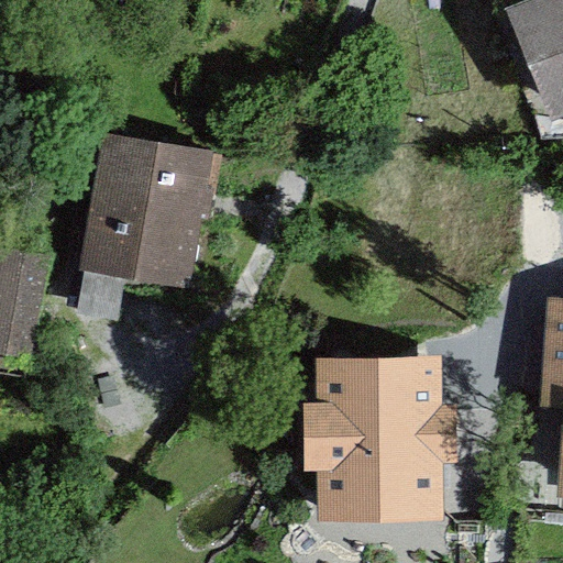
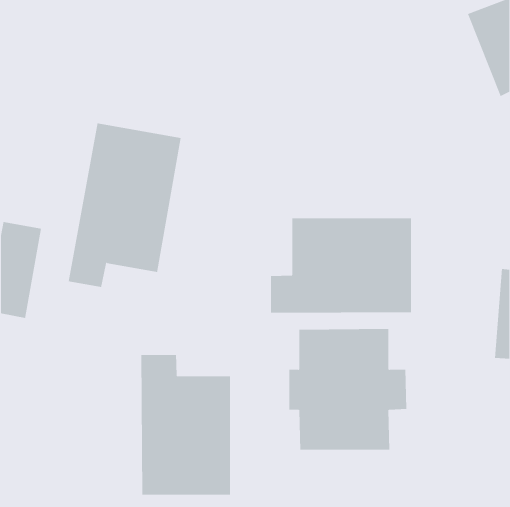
building: none -> [270,218,411,314]
building: none -> [141,354,230,495]

